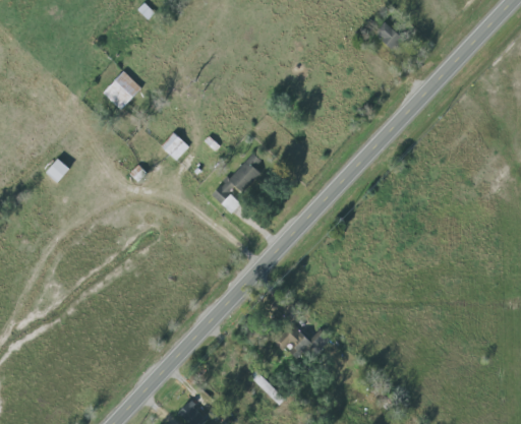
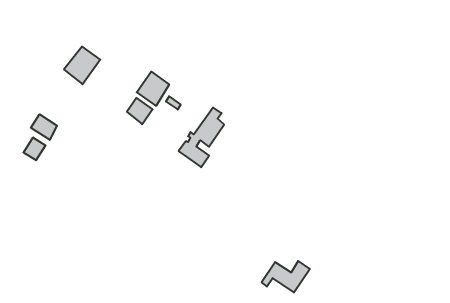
building: none -> [137,72,169,106]
building: none -> [31,114,57,140]

